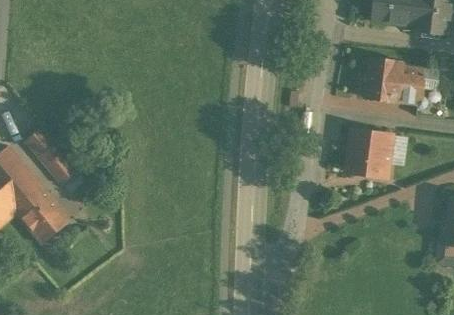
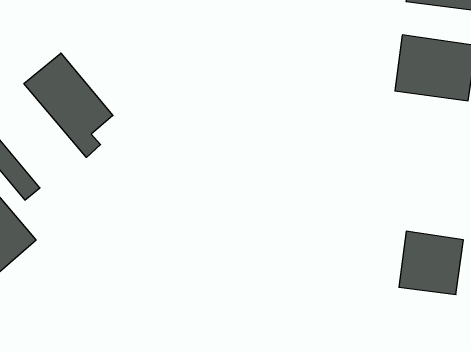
building: none -> [24,53,113,157]
building: [343,128,395,179] -> [399,231,463,295]

